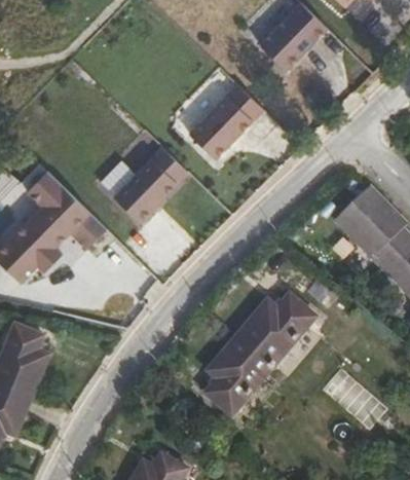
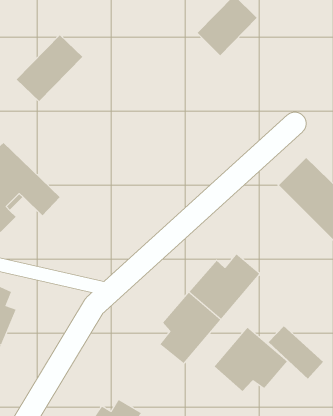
building: [180,87,255,162] -> none
building: [106,150,180,224] -> [16,34,83,102]
building: none -> [214,327,288,392]

